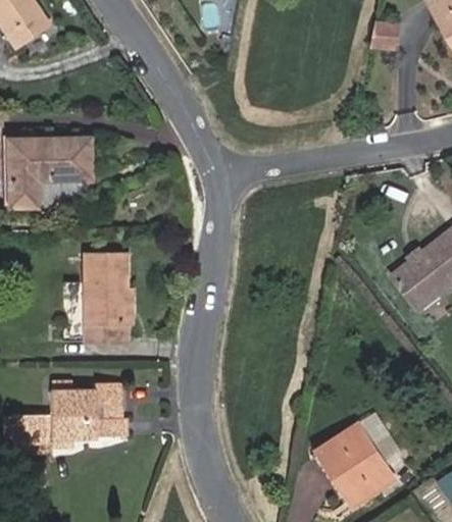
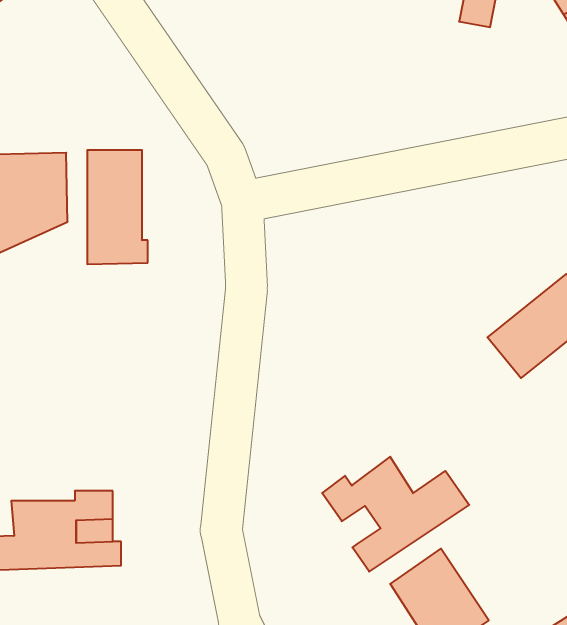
building: [85,257,129,340] -> [87,150,148,264]
building: none -> [322,457,469,572]

